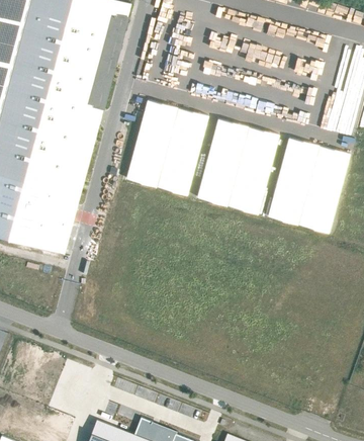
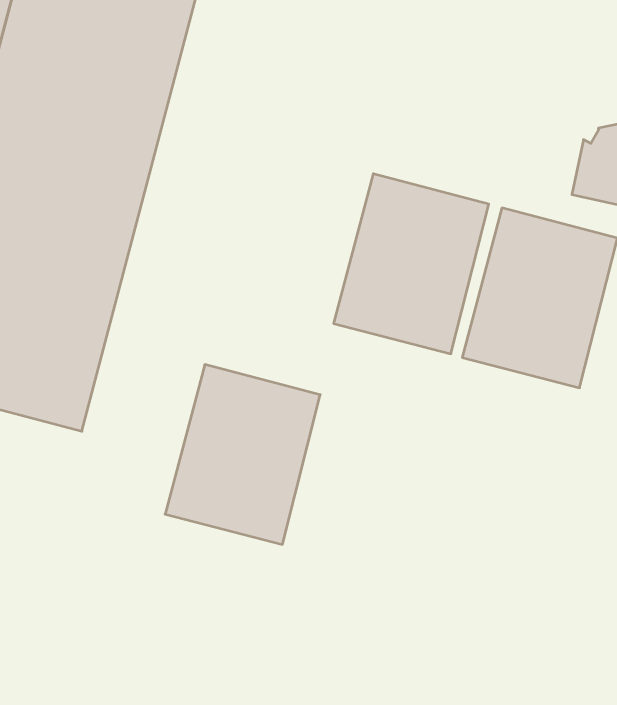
building: [126,101,209,197] -> [165,365,320,544]

